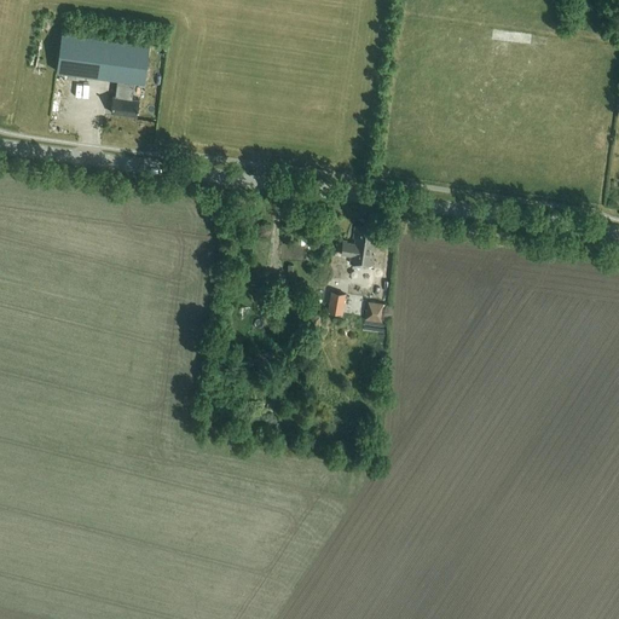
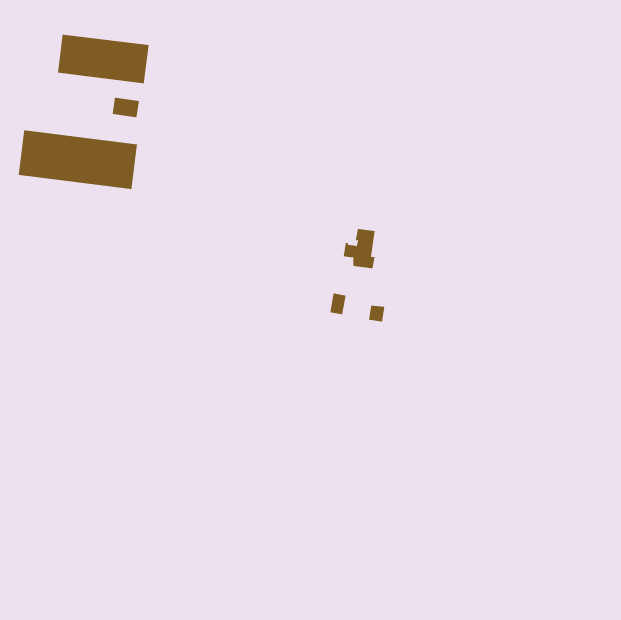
building: none -> [18,130,138,190]

